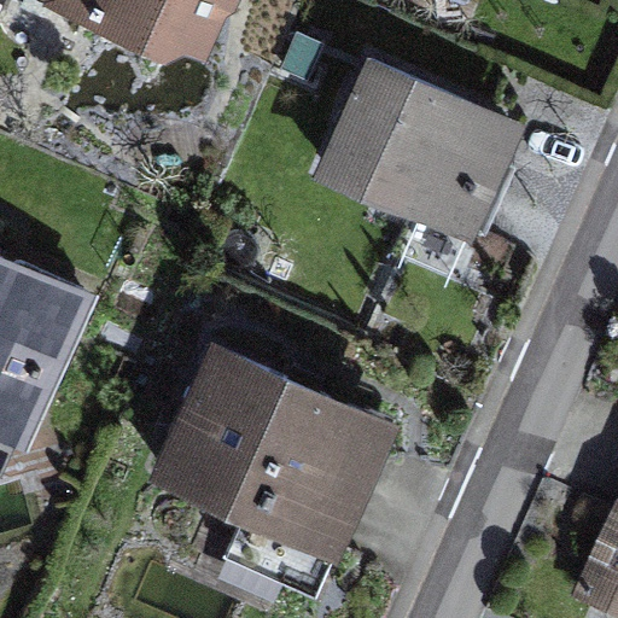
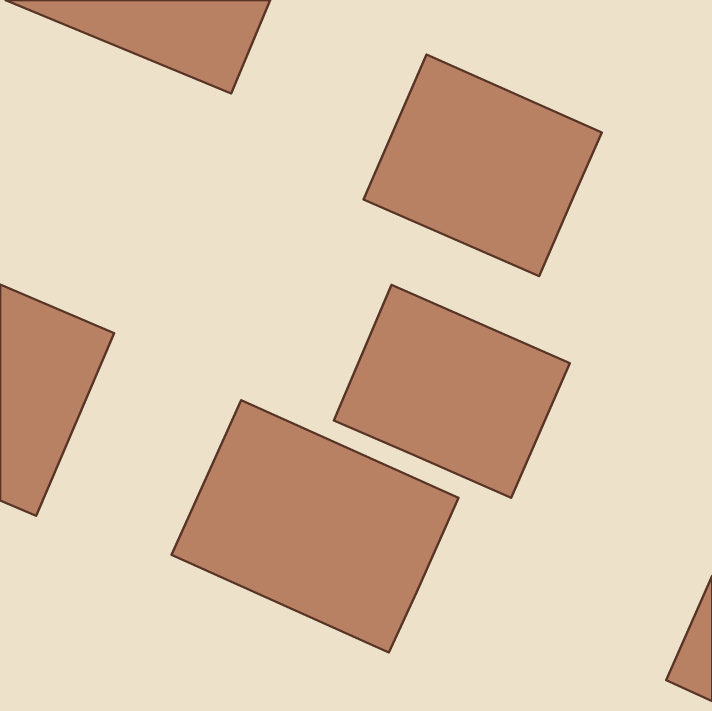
building: none -> [334,285,570,498]

